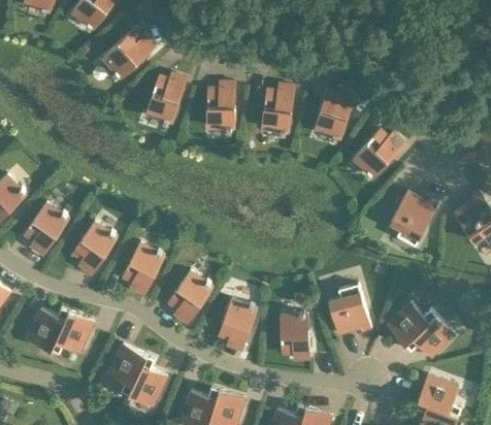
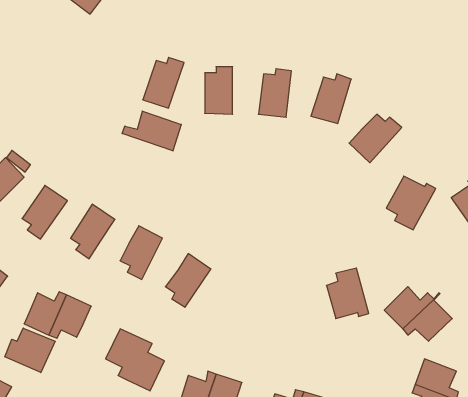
building: [101,33,154,79] -> none
building: none -> [122,111,181,151]
building: [218,298,256,352] -> none
building: [279,314,308,361] -> none
building: none -> [5,328,55,373]

